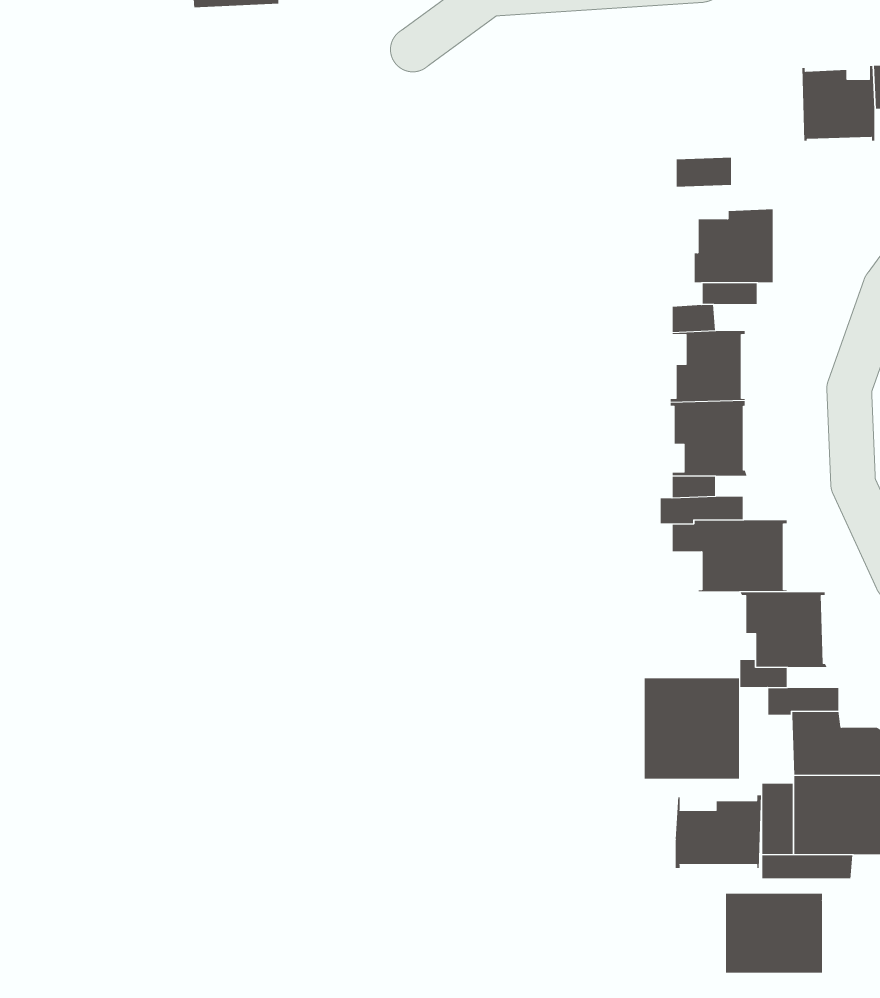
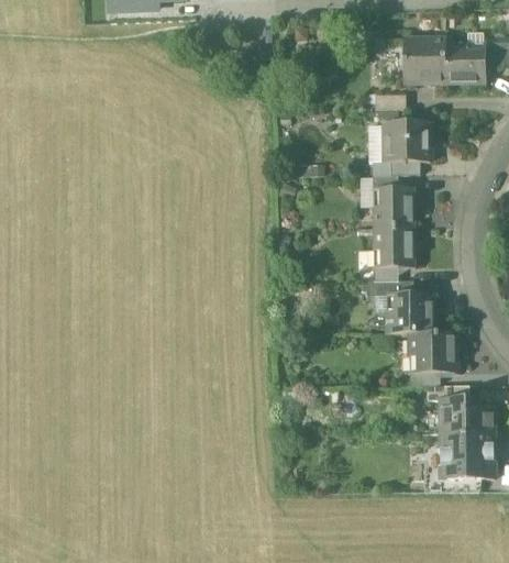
building: none -> [403,36,446,85]
building: [644,678,740,780] -> none
building: [675,795,762,869] -> none
building: [725,893,822,973] -> none

